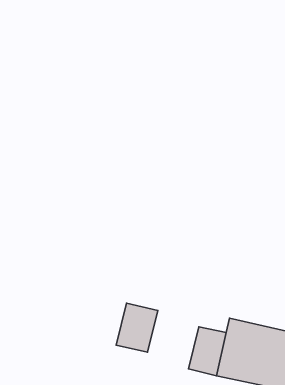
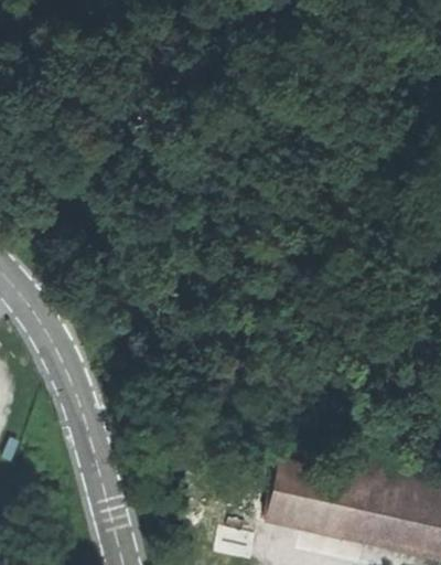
building: [116,303,158,352] -> [258,462,315,530]

